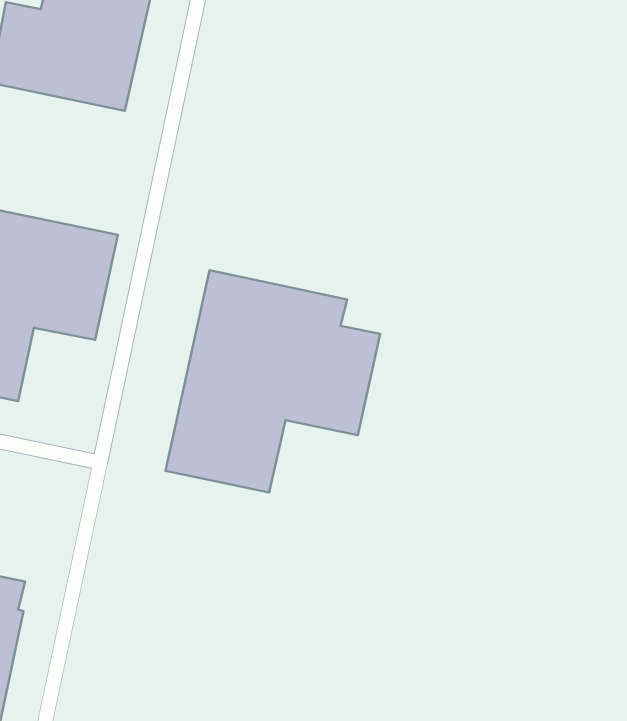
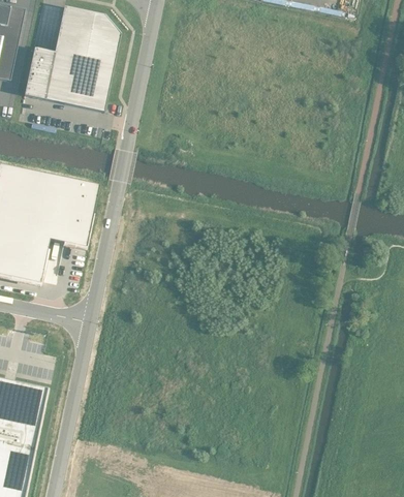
building: [166,270,380,492] -> none

